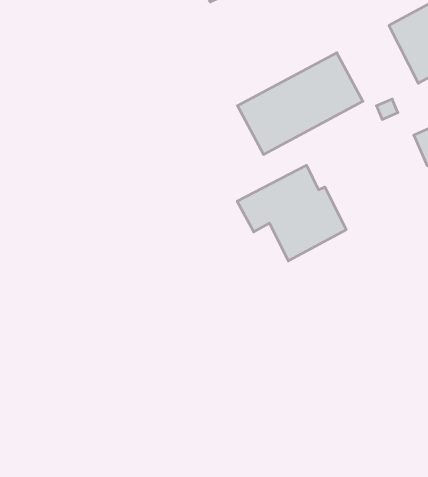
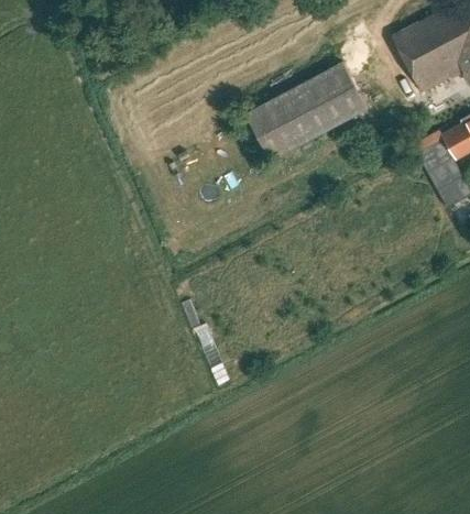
building: [237,165,346,261] -> none

